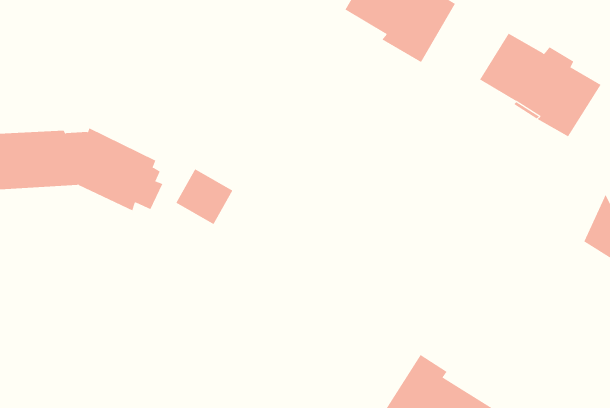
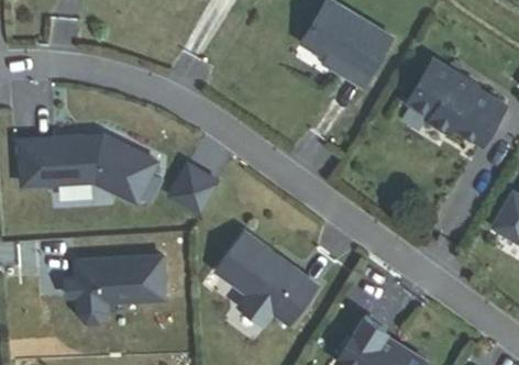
building: none -> [216,233,316,325]
building: none -> [65,257,164,323]

